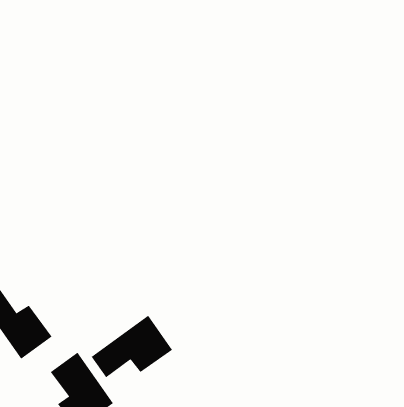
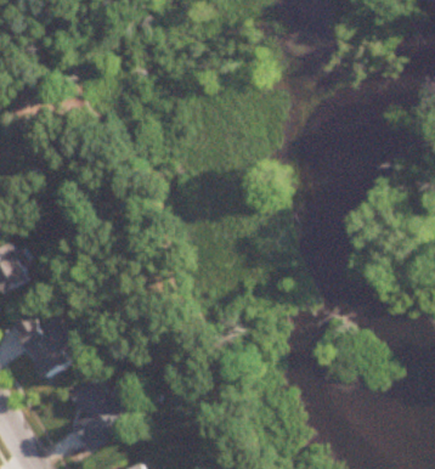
building: [91,315,173,378] -> none

